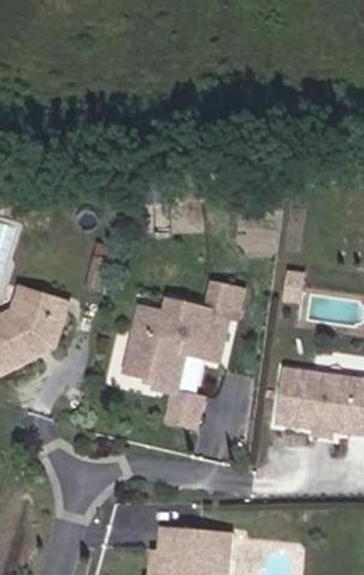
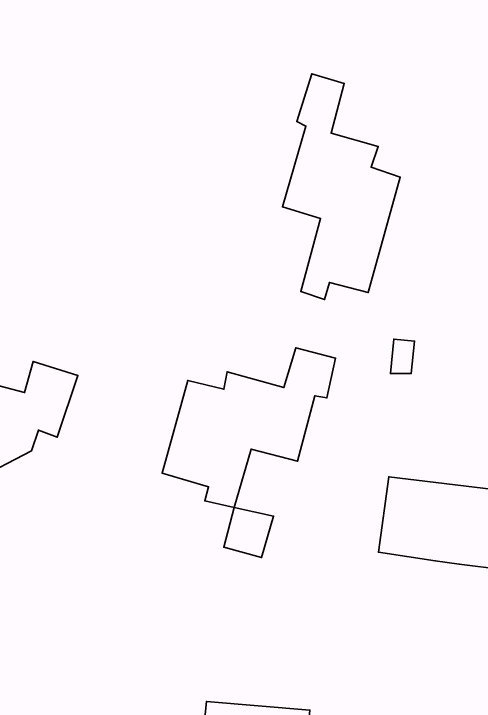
building: none -> [283,74,400,300]

